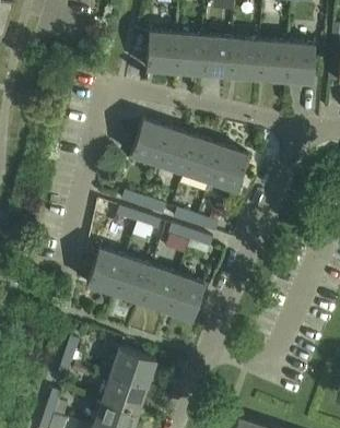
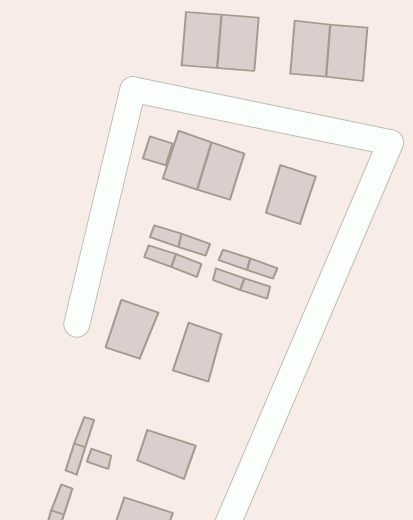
building: [200,34,231,76] -> none
building: [283,41,315,83] -> none
building: [181,138,220,182] -> none
building: [113,259,150,302] -> none
building: [165,275,203,320] -> none
building: [101,371,146,412] -> none

